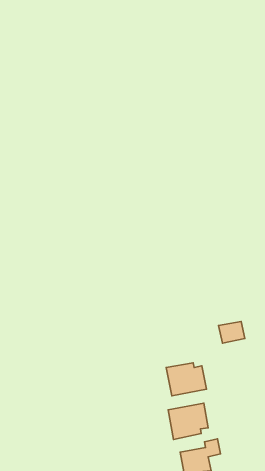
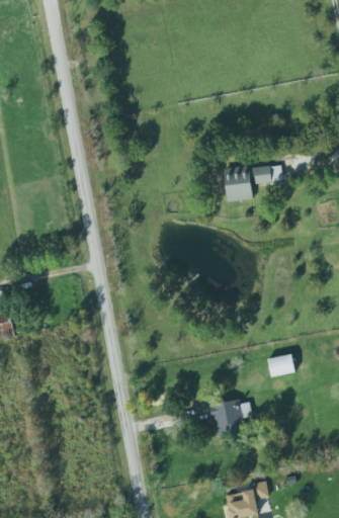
building: none -> [224,164,281,201]
building: [168,403,208,439] -> none

